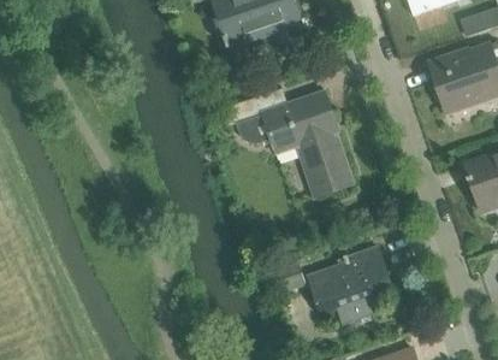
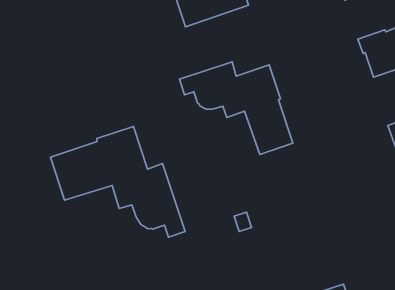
building: none -> [51,126,185,237]
building: [309,247,392,326] -> none

